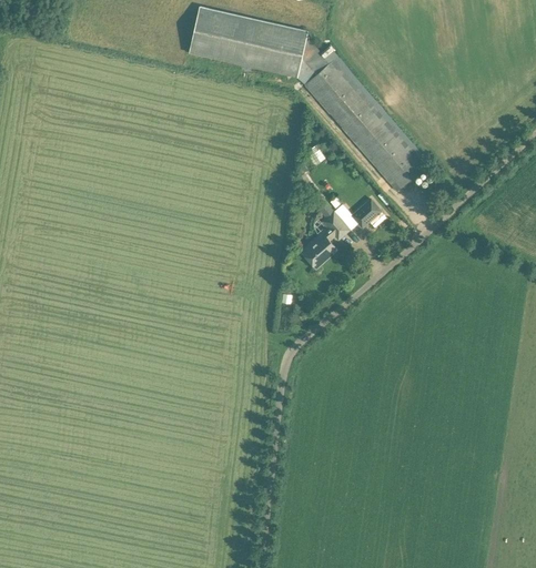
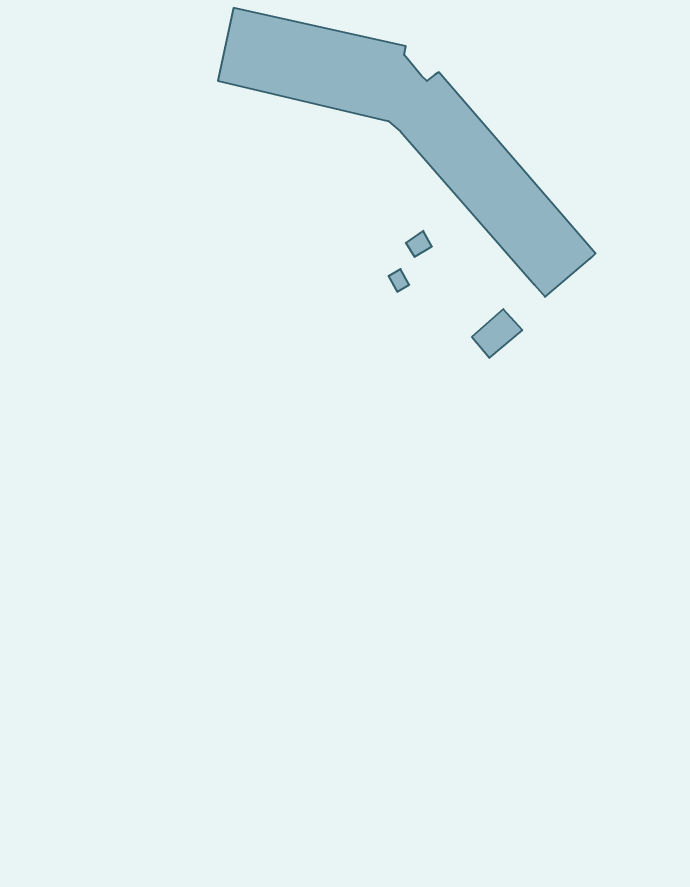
building: [301,211,348,268] -> none

